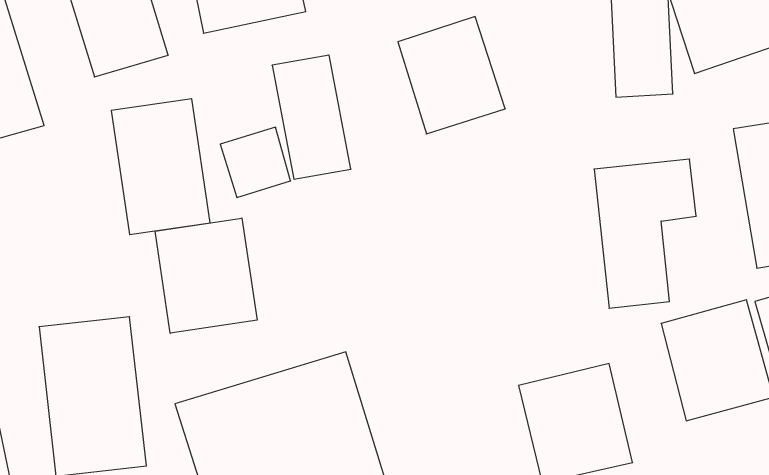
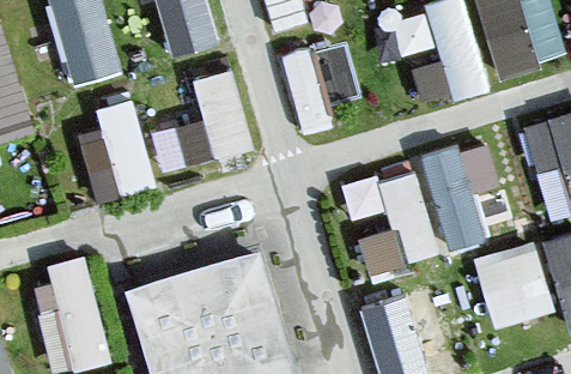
building: none -> [342,165,439,271]
building: [155,218,257,333] -> none

